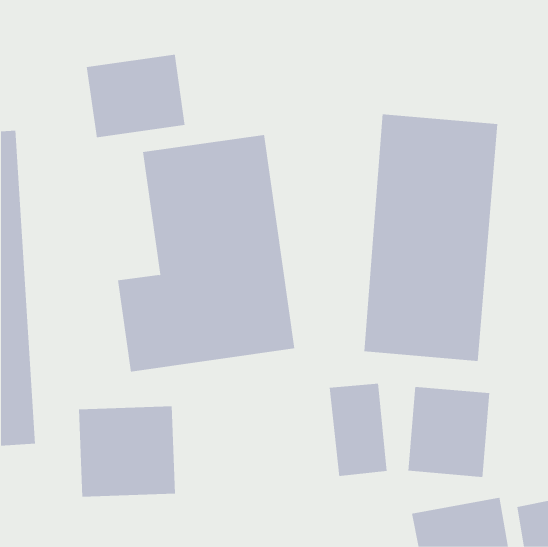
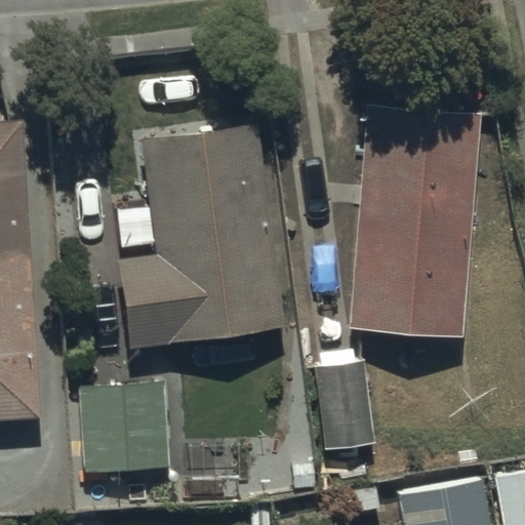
building: [86,54,185,138] -> none
building: [408,386,490,478] -> none

